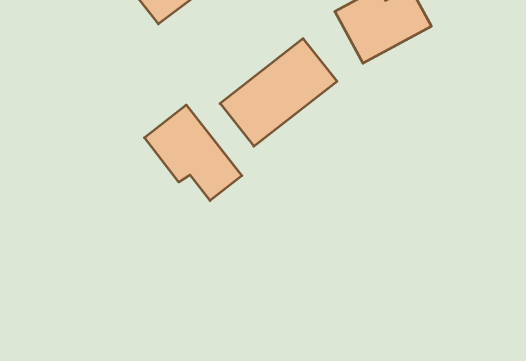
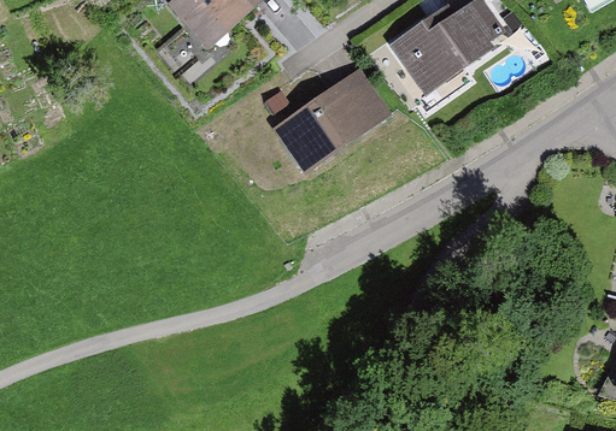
building: [144,105,242,201] -> none

